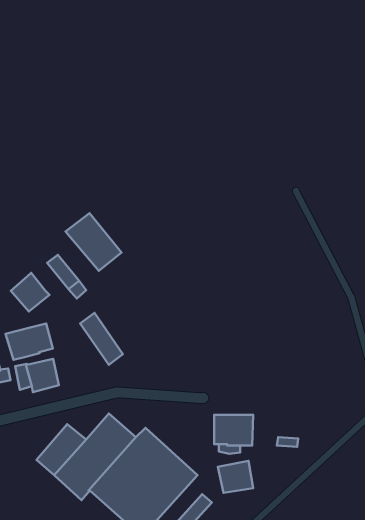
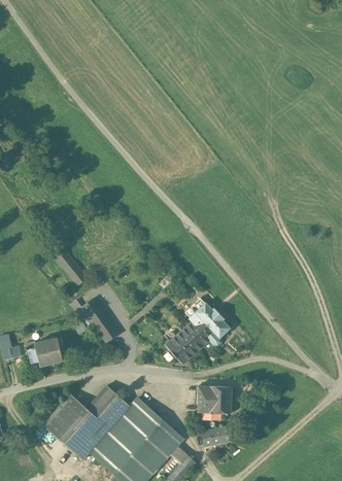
building: [65,213,121,271] -> none
building: [11,273,49,311] -> none
building: none -> [165,298,230,365]
building: [6,323,53,360] -> none

